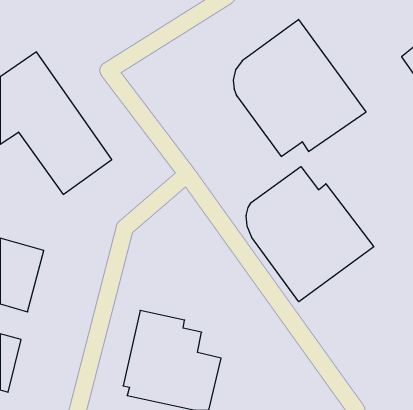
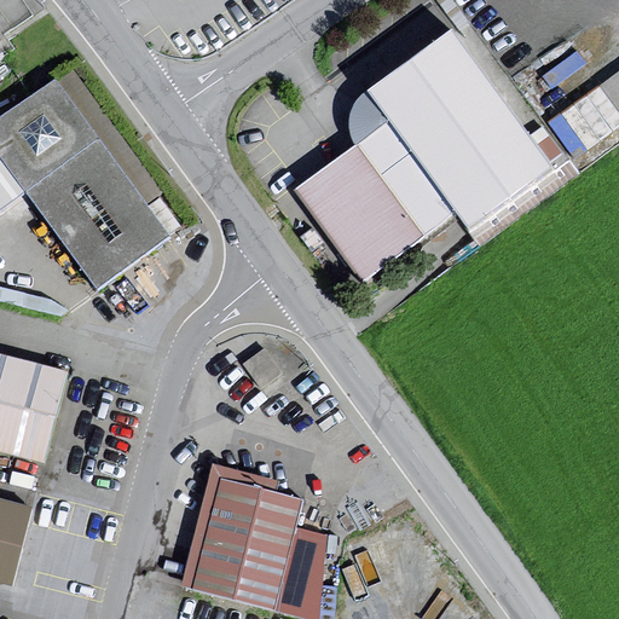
building: none -> [293,143,421,278]
building: [246,167,374,302] -> none

